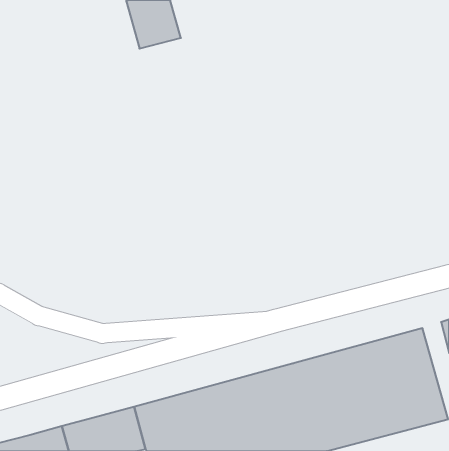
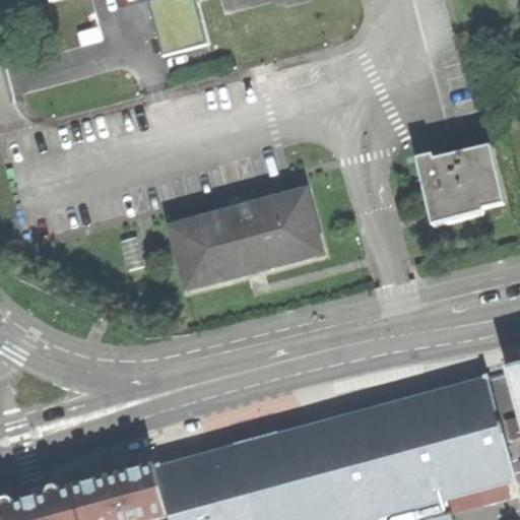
building: none -> [416,148,503,224]
building: none -> [170,193,322,291]

